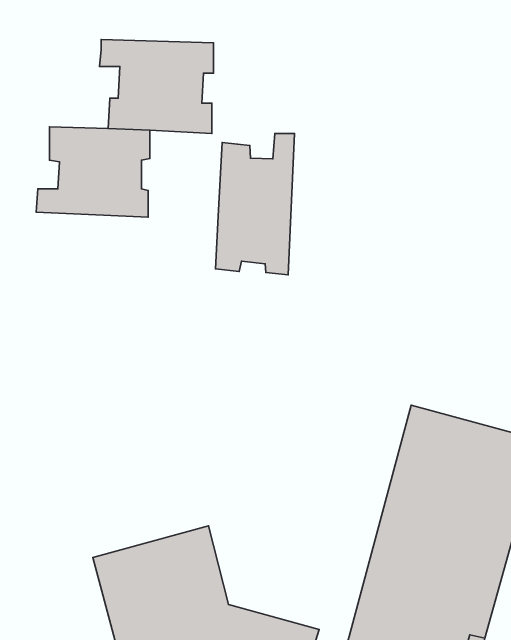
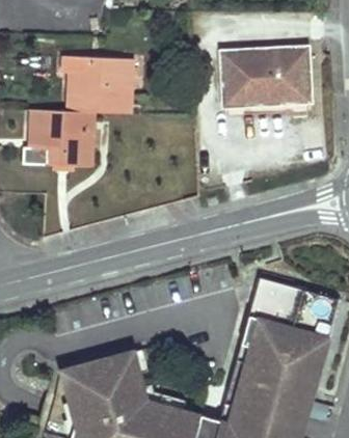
building: none -> [223,47,312,104]
building: [216,133,294,275] -> none

